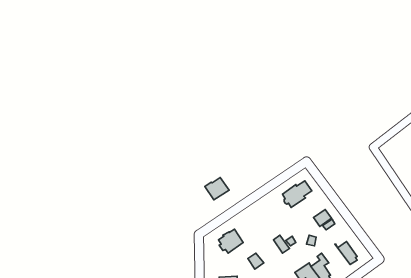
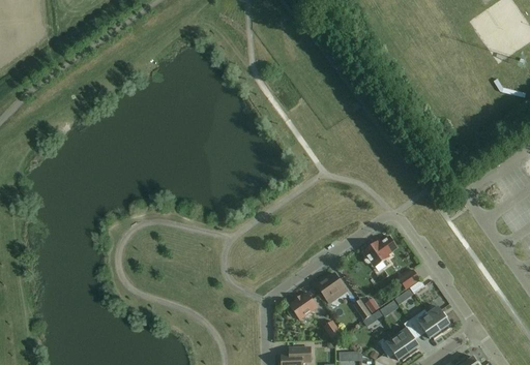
building: [205,178,229,200] -> [317,273,345,299]
building: none -> [409,309,442,339]

